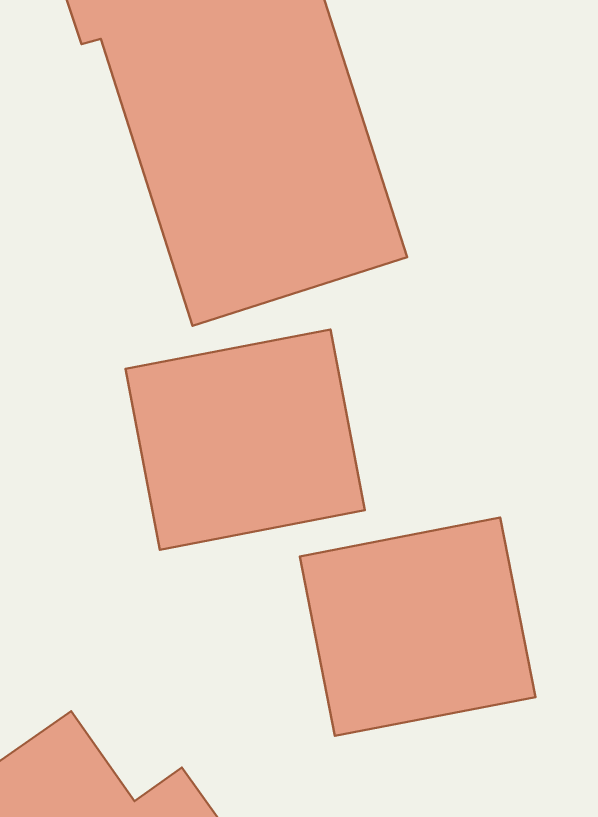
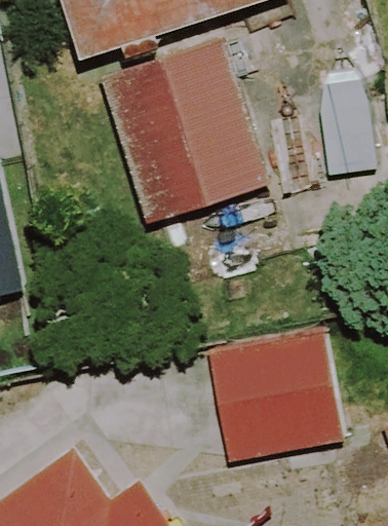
building: [126,329,365,550] -> none

